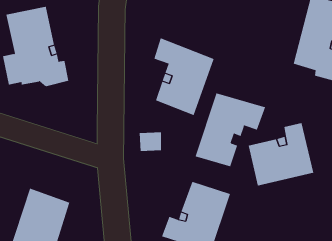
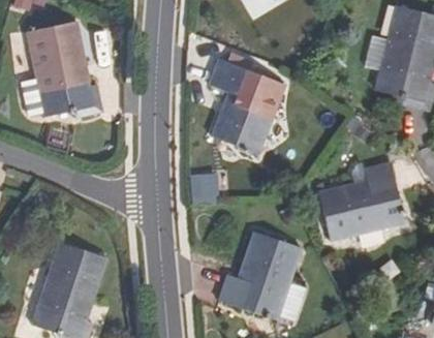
building: [195,92,266,167] -> none

